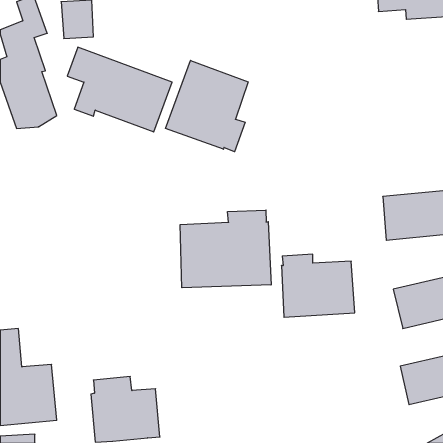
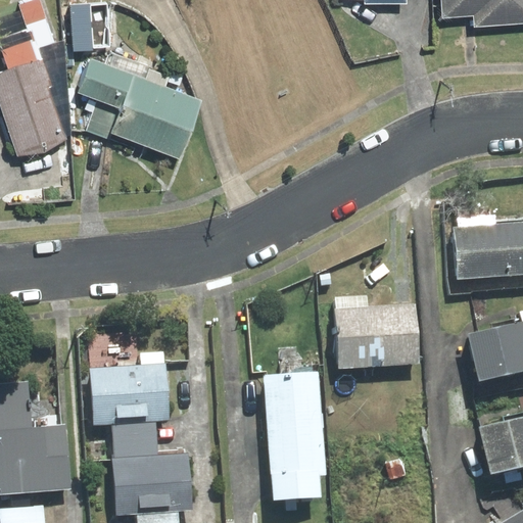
building: [165,60,248,152] -> none
building: [180,210,271,288] -> none
building: none -> [88,352,169,444]
building: none -> [263,363,320,502]

